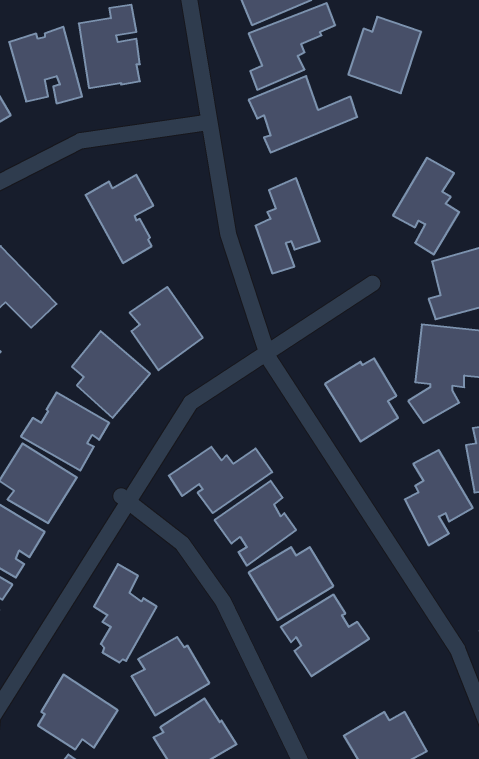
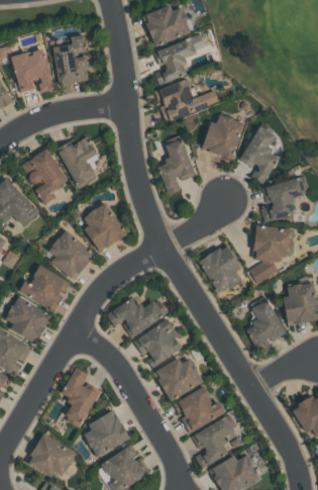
building: [348,17,421,93] -> [202,113,245,159]
building: none -> [21,149,68,205]
building: none -> [192,415,235,467]

